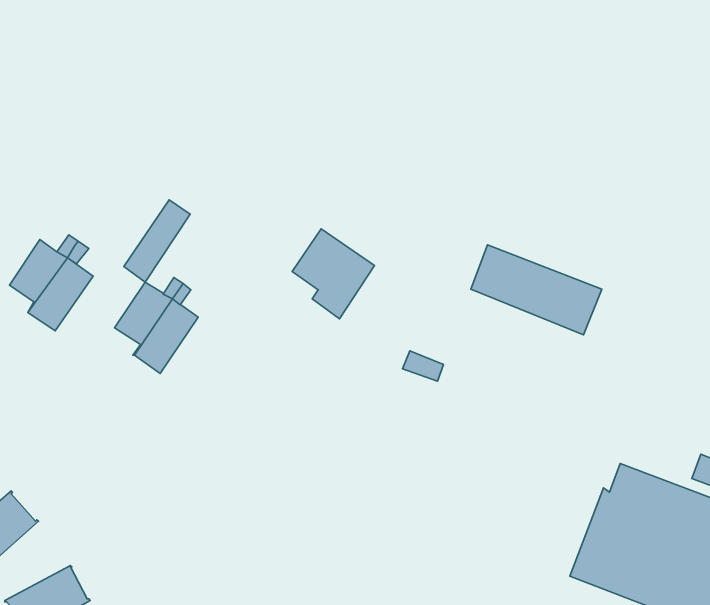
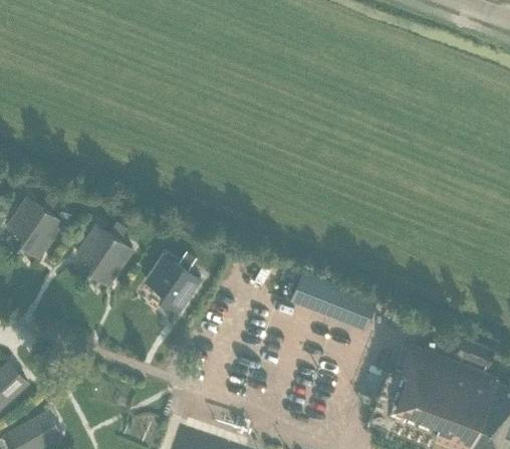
building: [124,200,190,282] -> none
building: [292,229,375,319] -> [146,254,200,313]
building: [471,245,602,335] -> [290,272,376,331]

